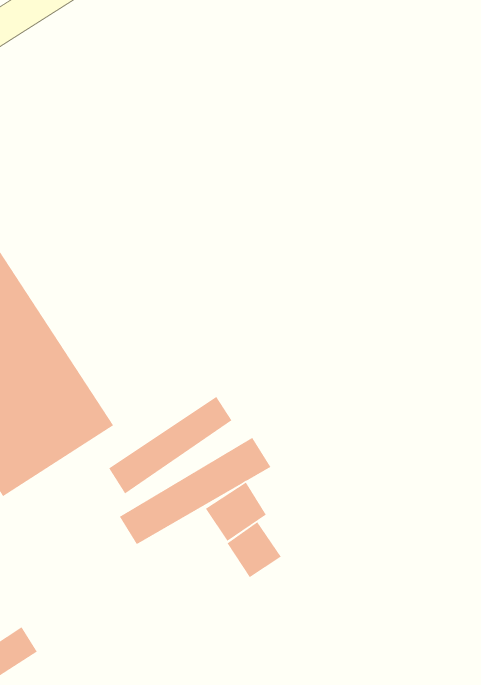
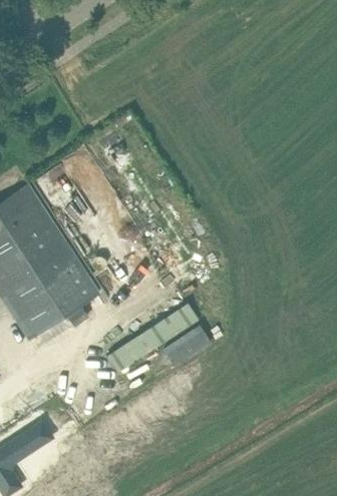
building: [108,396,232,495] -> none
building: [227,521,282,578] -> none

